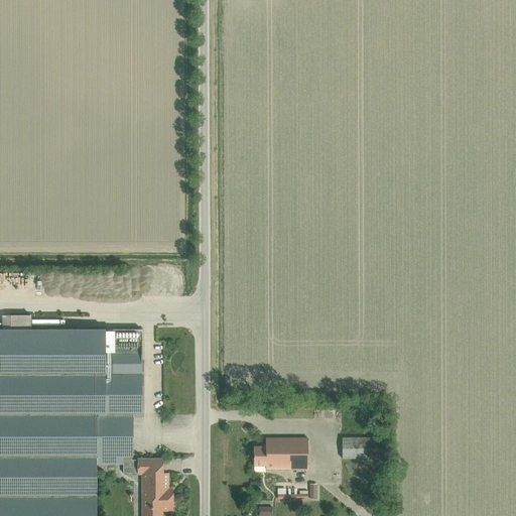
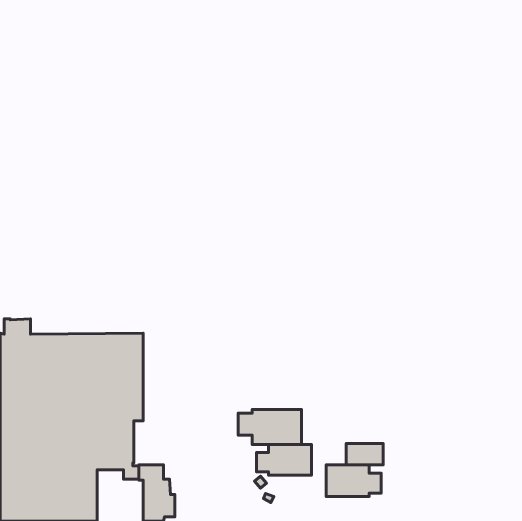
building: none -> [238,410,302,444]
building: none -> [326,465,381,496]

